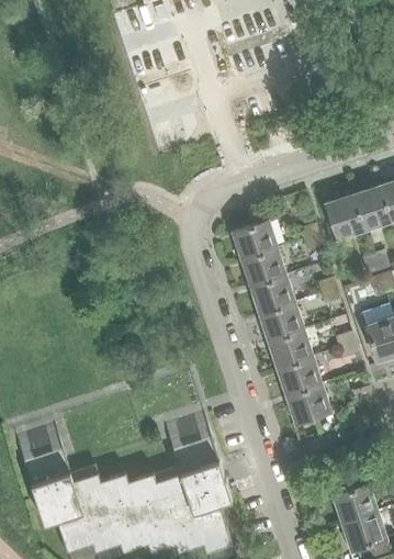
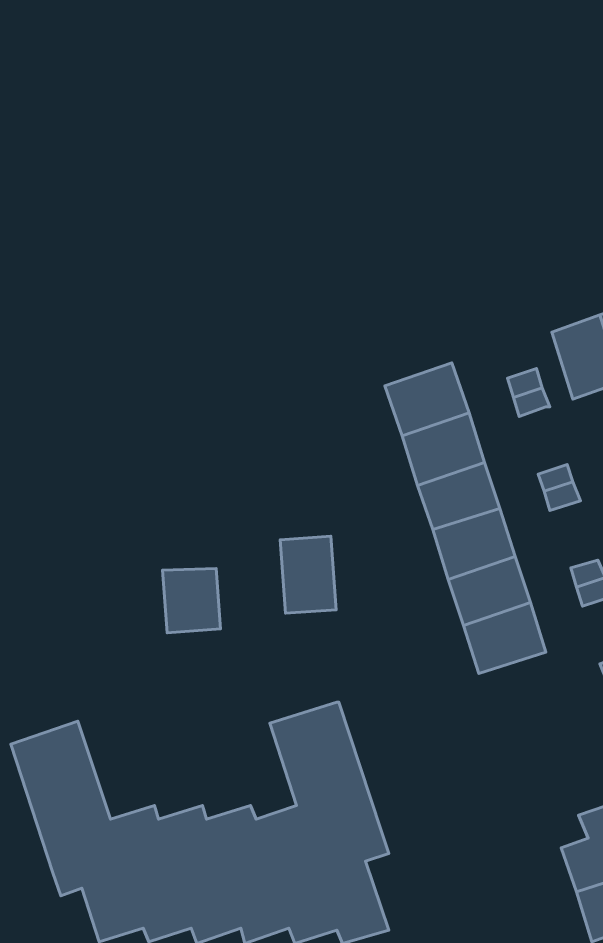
building: none -> [280,536,336,613]
building: none -> [162,568,220,633]
building: [284,384,331,424] -> none

